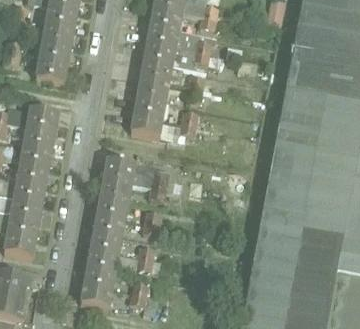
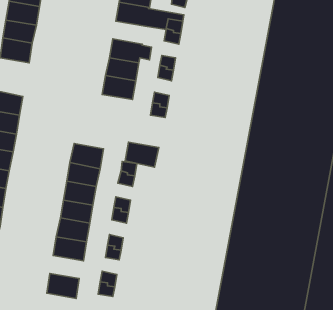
building: [144,43,175,65] -> none
building: [131,113,163,137] -> [125,142,159,167]
building: [84,267,116,289] -> none

